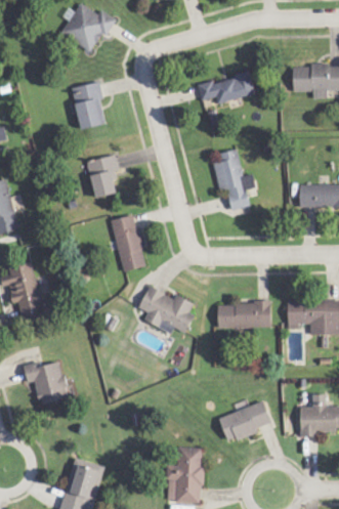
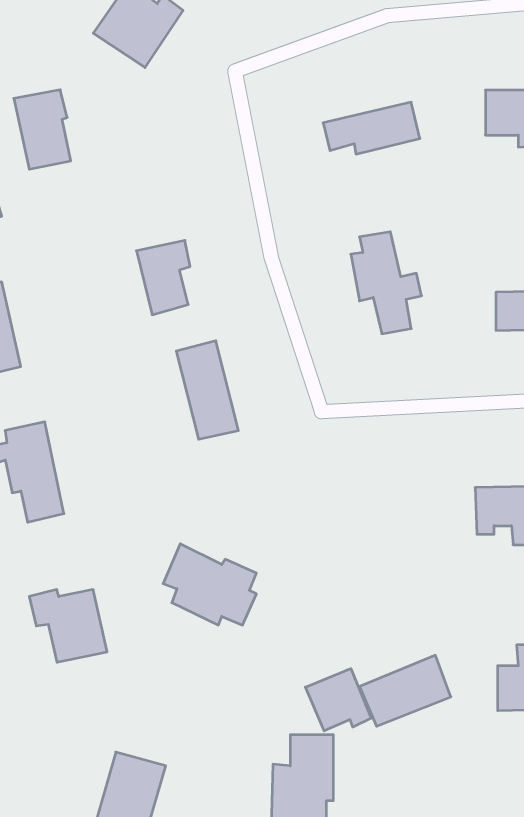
building: [71,82,104,129] -> [14,90,71,169]
building: [138,286,194,334] -> [163,544,256,625]
building: [217,302,271,328] -> none
building: none -> [305,669,371,731]

